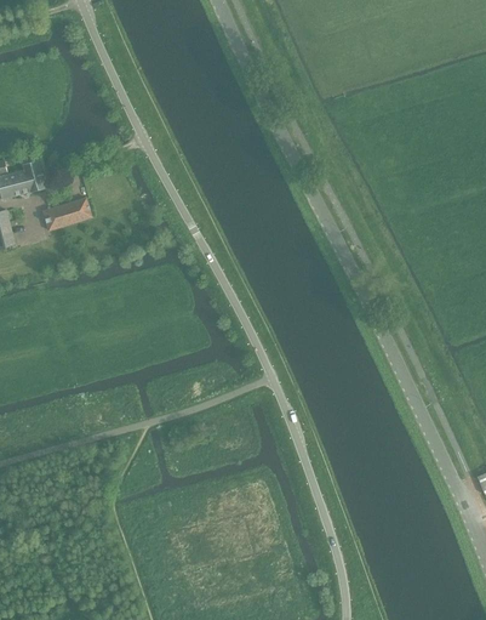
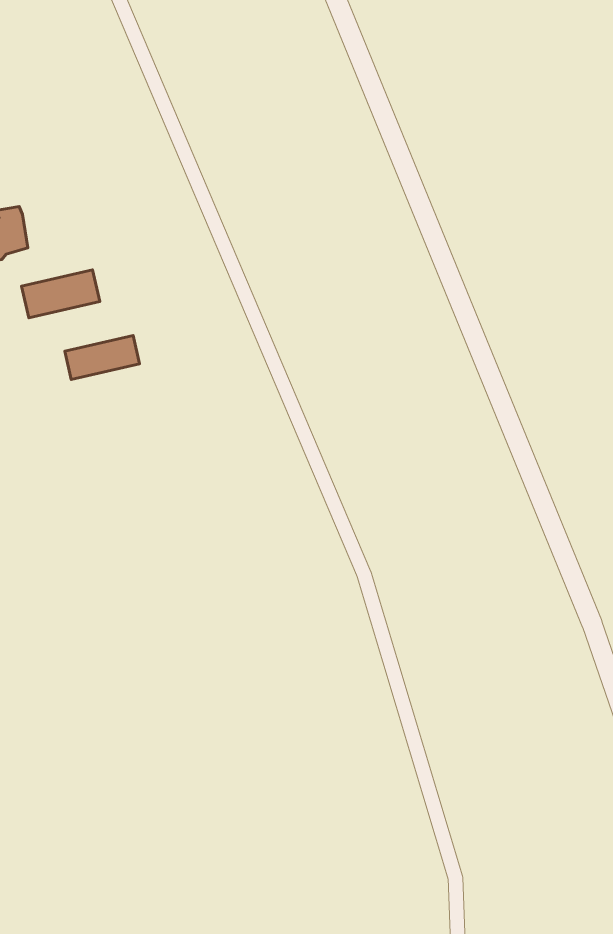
building: none -> [65,336,140,379]

